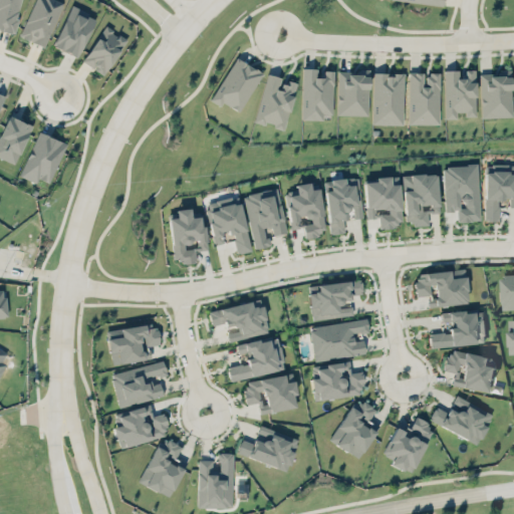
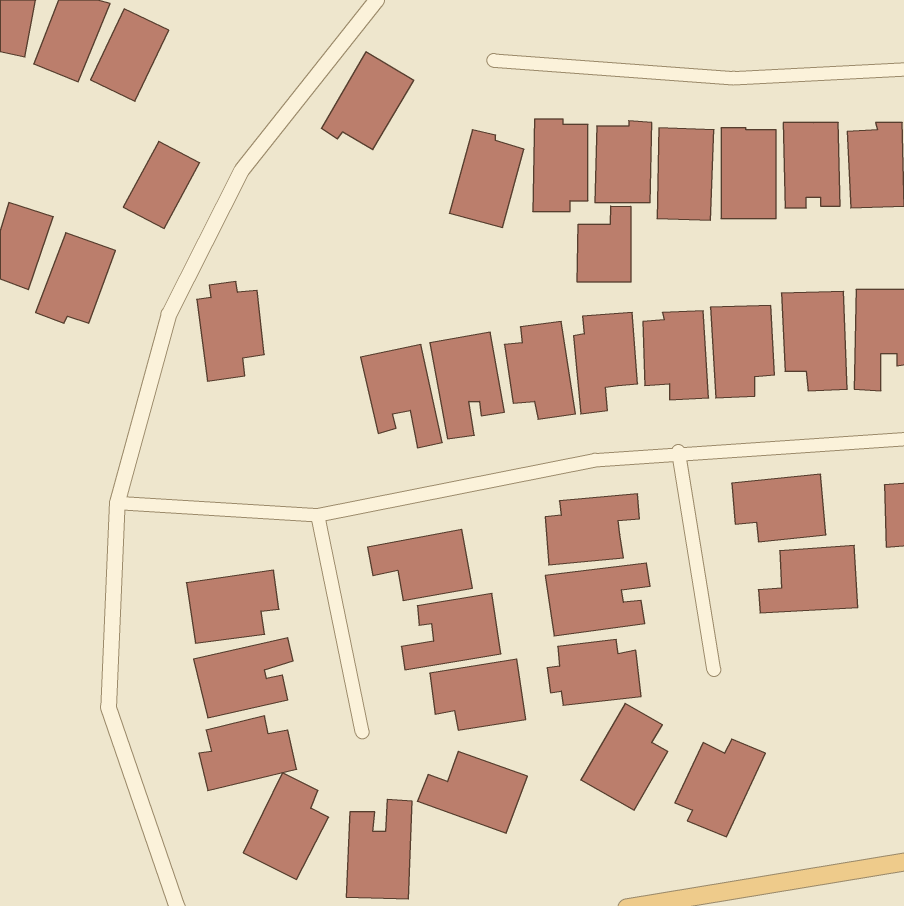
building: [84,26,127,75] -> [123,141,200,228]
building: [212,57,264,112] -> [321,52,414,150]
building: none -> [577,206,631,282]
building: [170,208,208,264] -> [197,282,264,381]
building: [446,349,496,393] -> none
building: [431,396,494,445] -> none

